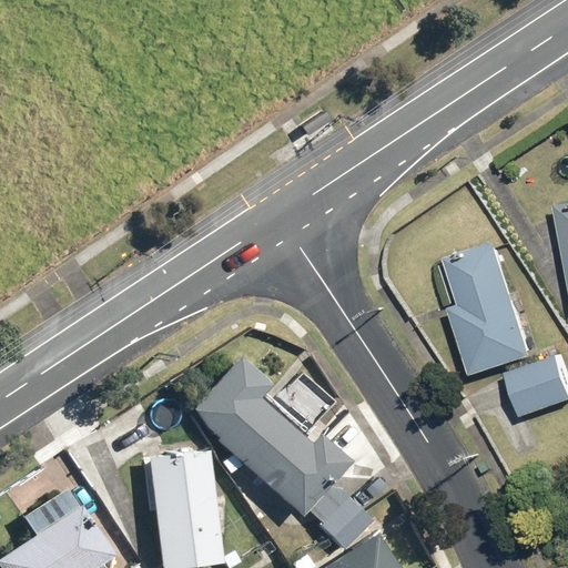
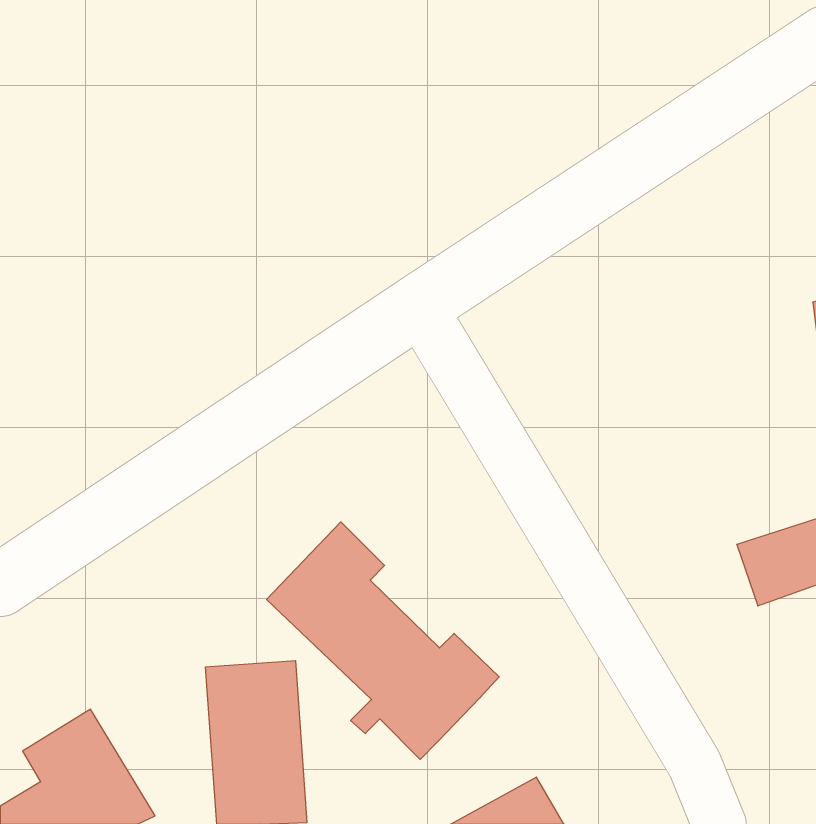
building: [454,245,538,379] -> none
building: [307,479,375,547] -> none

